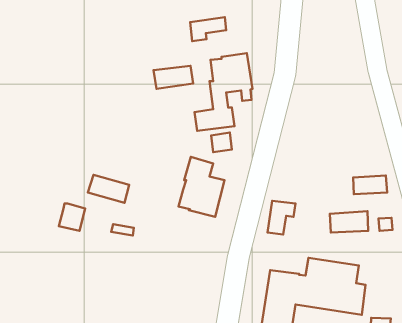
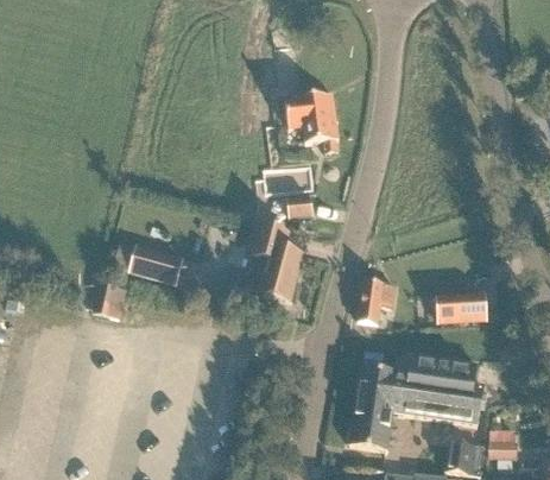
building: [190,17,226,41] -> none
building: [154,66,193,89] -> none
building: [353,176,387,194] -> none

